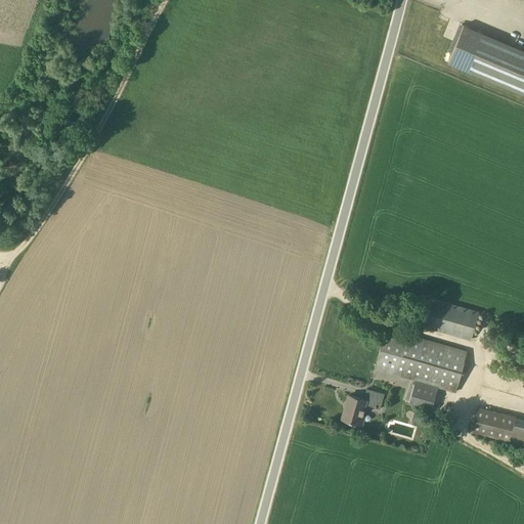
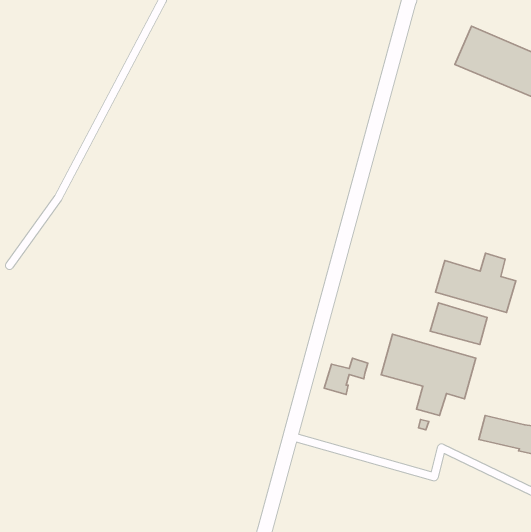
building: none -> [436,253,516,313]
building: [343,389,386,425] -> [324,358,368,394]

